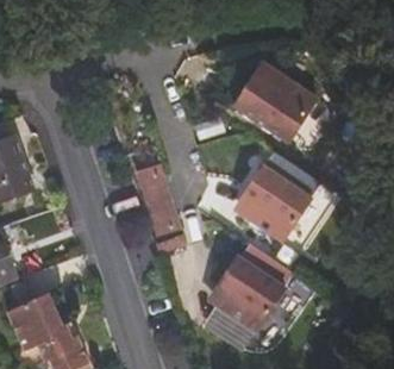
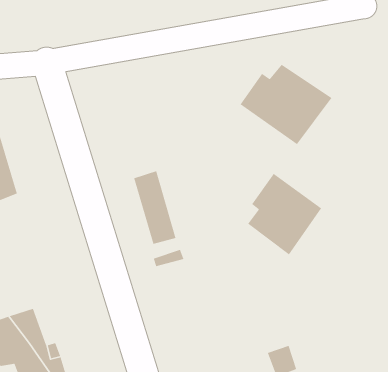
building: [214,256,282,331] -> none

